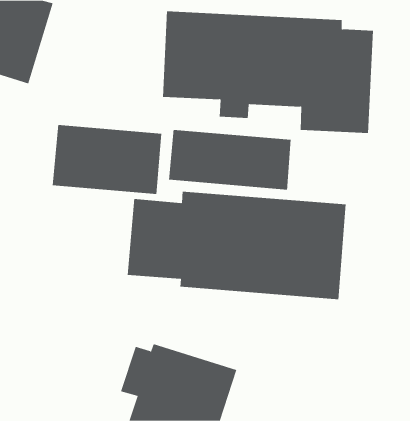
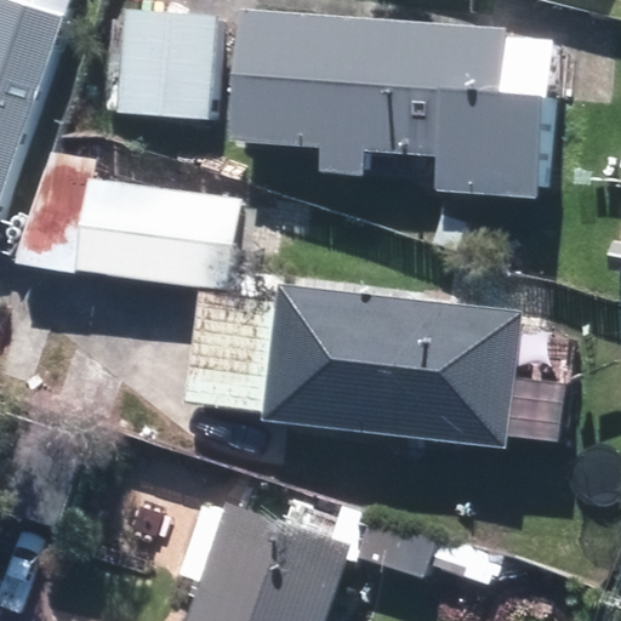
building: none -> [116,17,211,120]
building: [168,129,291,190] -> none

